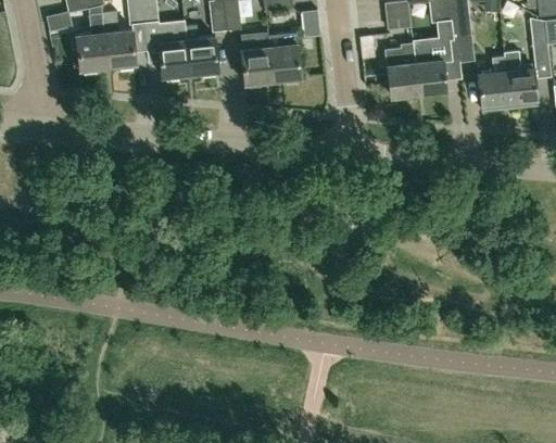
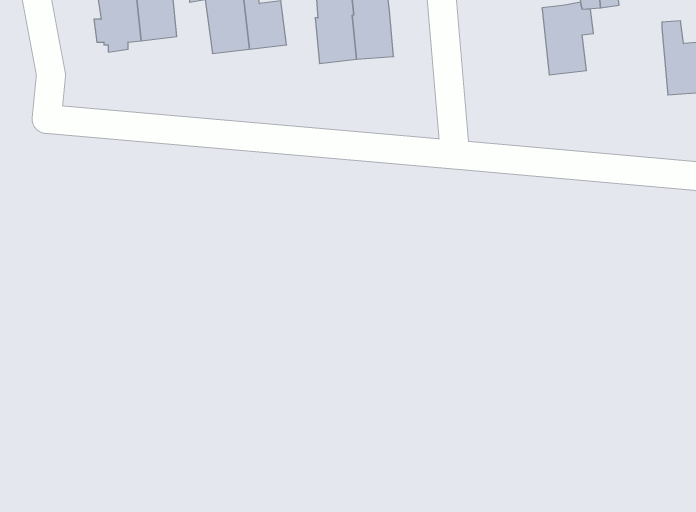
building: [386,42,419,96] -> none
building: [478,56,509,111] -> none

